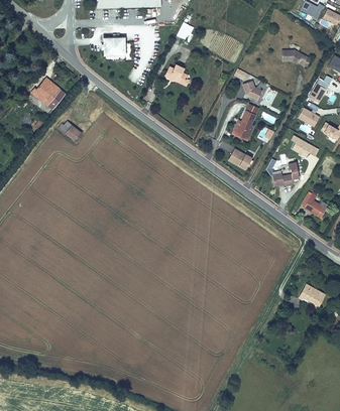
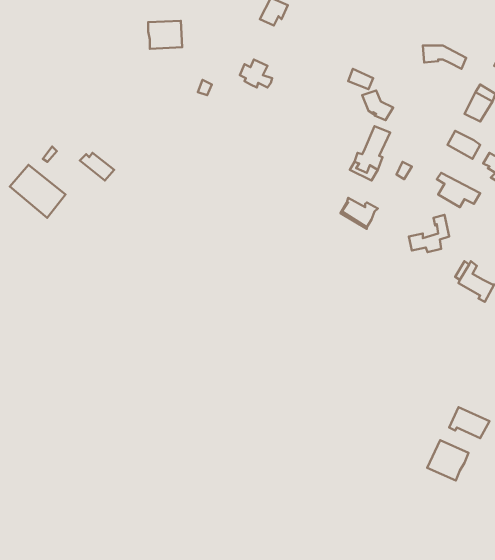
building: [28,76,65,110] -> [10,165,66,218]
building: none -> [427,440,469,481]

